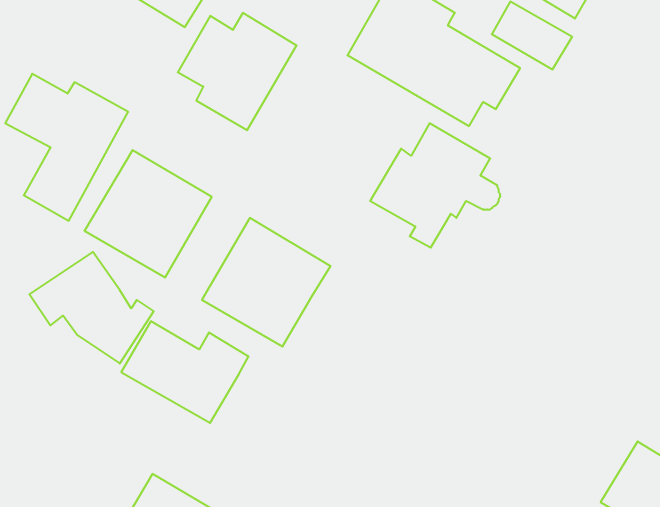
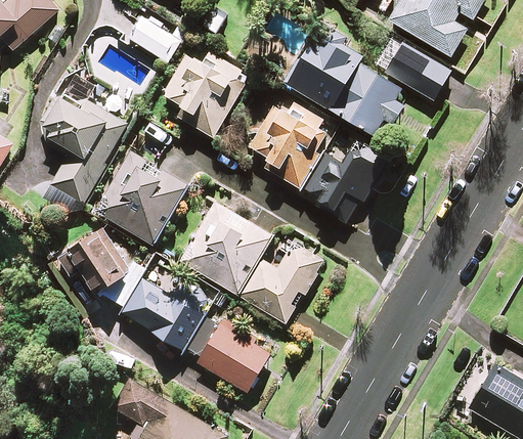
building: none -> [249,103,337,189]
building: none -> [237,244,324,322]
building: none -> [185,315,269,391]

